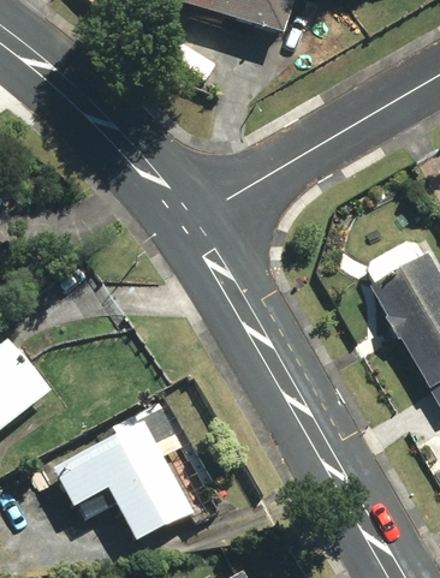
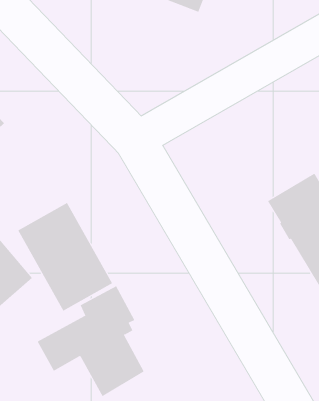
building: none -> [17,202,113,312]

